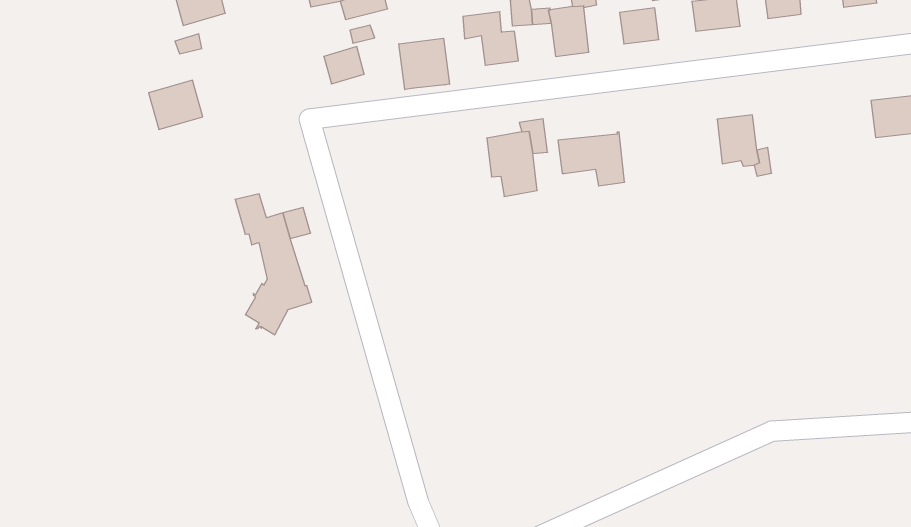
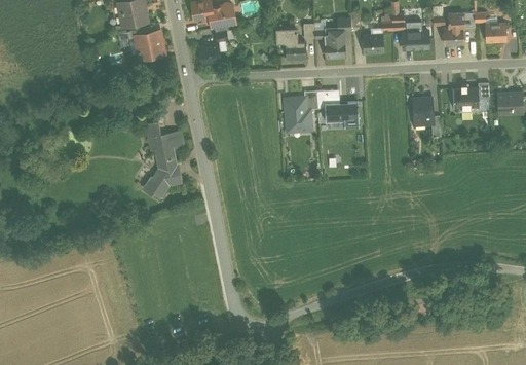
building: [399,38,449,90] -> none
building: [149,80,203,129] -> [135,32,163,58]
building: none -> [452,85,479,110]

